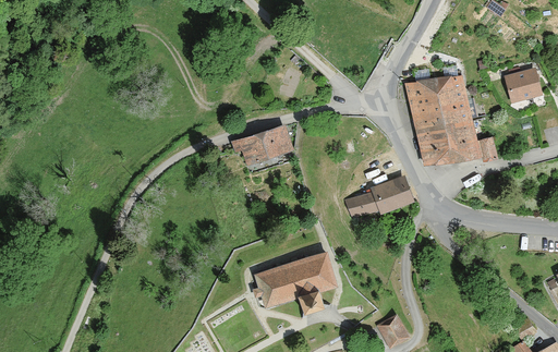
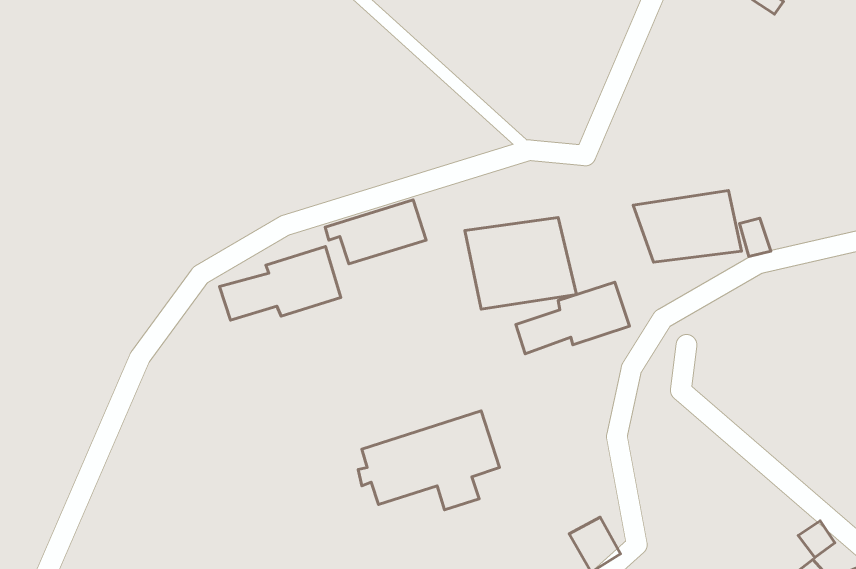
building: [504,68,542,101] -> none
building: [405,75,472,130] -> [465,218,577,309]
building: none -> [220,246,341,320]

